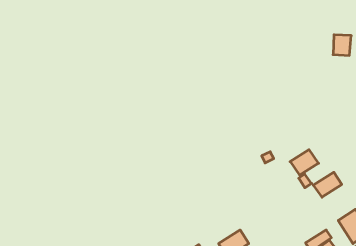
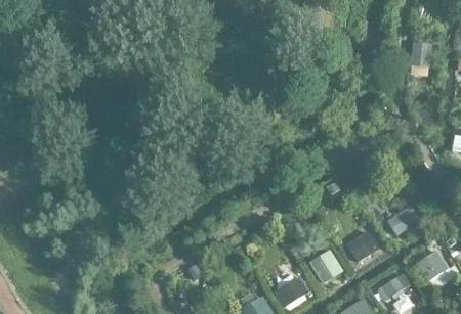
building: [290,150,319,175] -> [347,227,381,258]
building: none -> [308,250,343,284]

